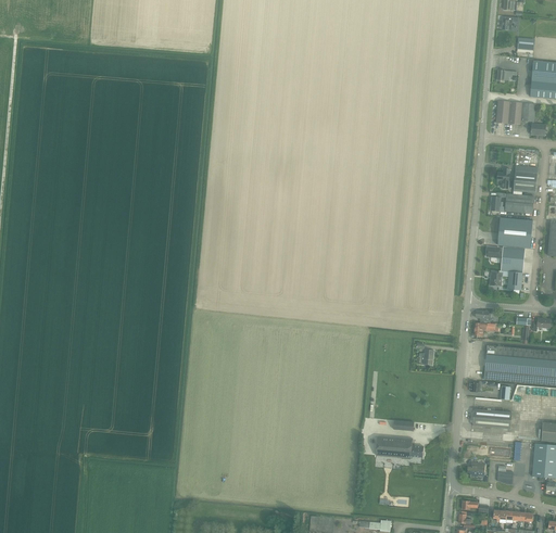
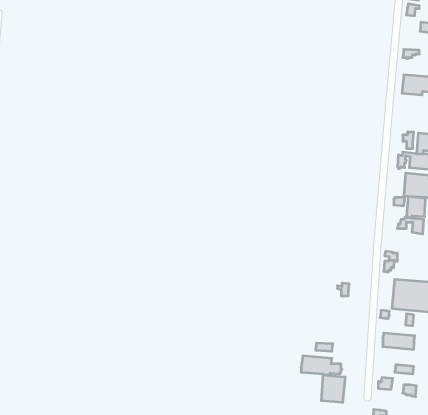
building: none -> [321,375,345,403]

